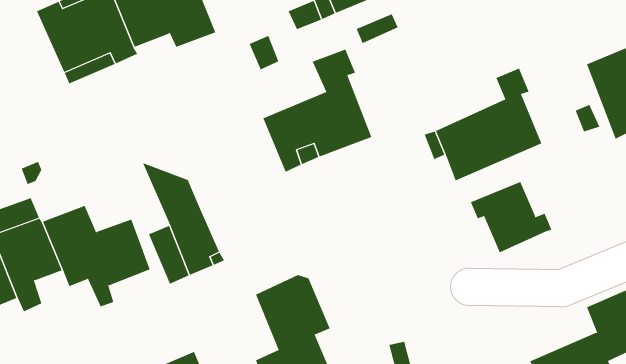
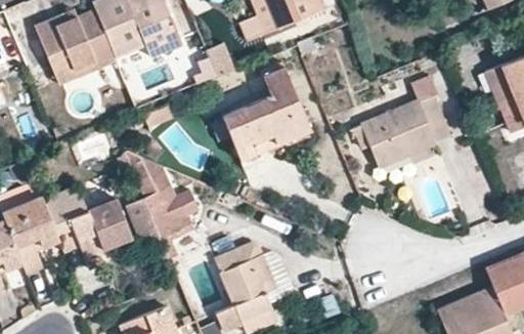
building: [470,181,552,253] -> none

